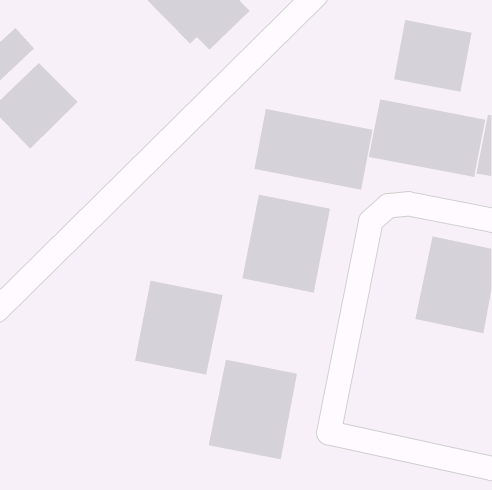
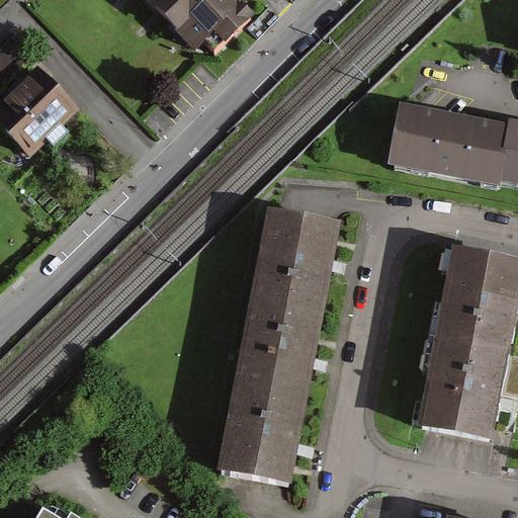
building: [394,19,472,93] -> none
building: [254,108,373,190] -> none
building: [134,280,223,375] -> [235,290,328,390]
building: none -> [413,333,505,438]

